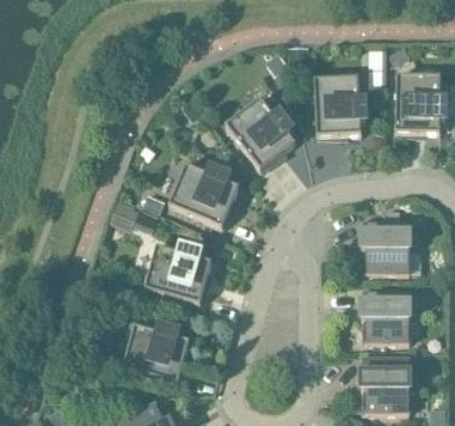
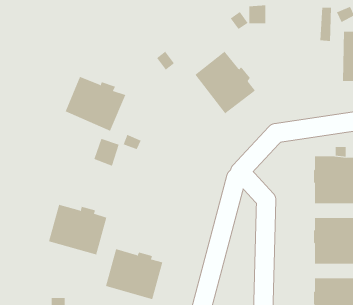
building: [314,77,365,135] -> none
building: [170,164,240,227] -> [65,76,126,131]
building: [145,245,213,304] -> [48,204,107,255]

